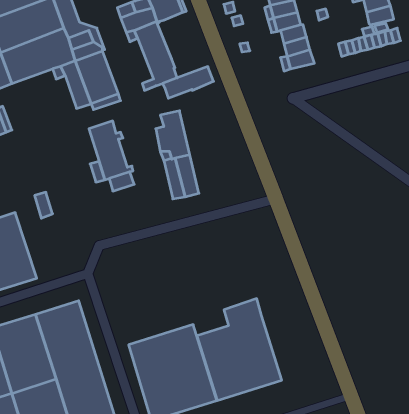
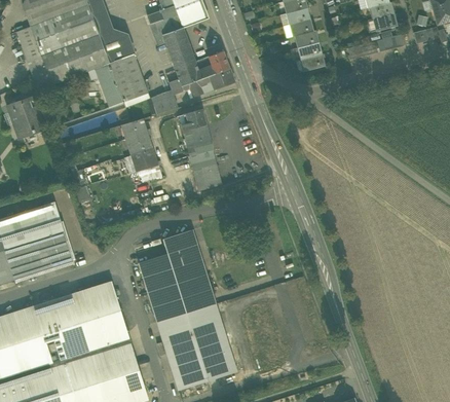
building: none -> [196,50,229,78]
building: none -> [152,83,190,113]
building: [197,299,282,400] -> [139,228,216,321]

